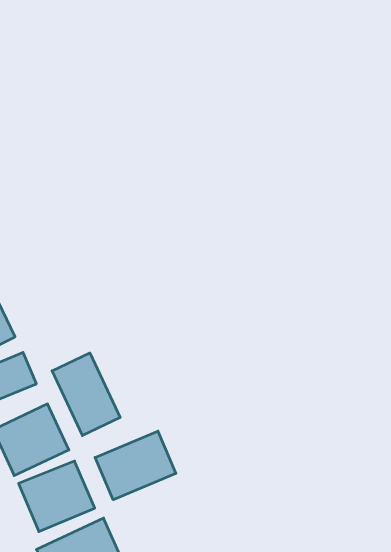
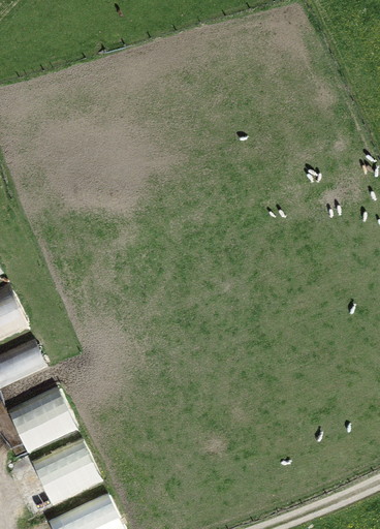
building: [52,353,120,436] -> none
building: [95,431,176,500] -> none

